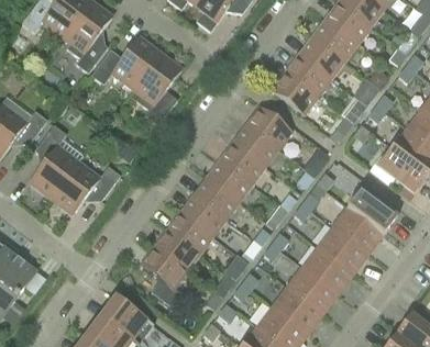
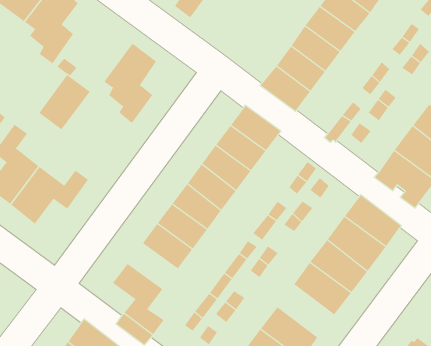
building: [112,37,158,87] -> [38,74,91,130]
building: [154,230,199,270] -> none
building: [287,266,338,313] -> none

